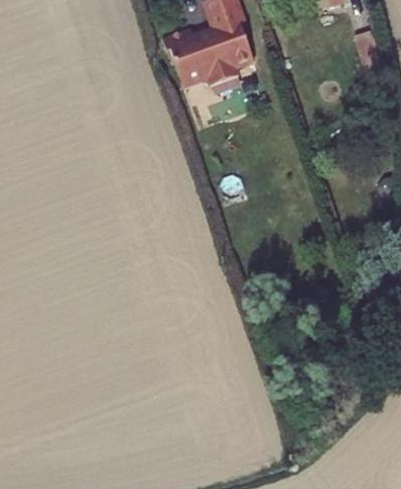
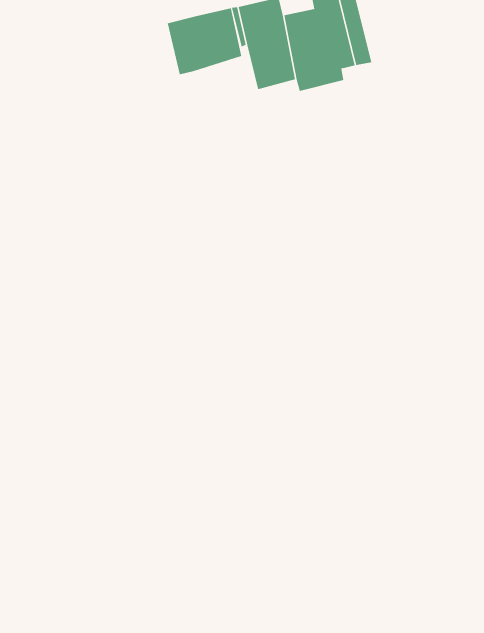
building: none -> [167,8,242,75]

